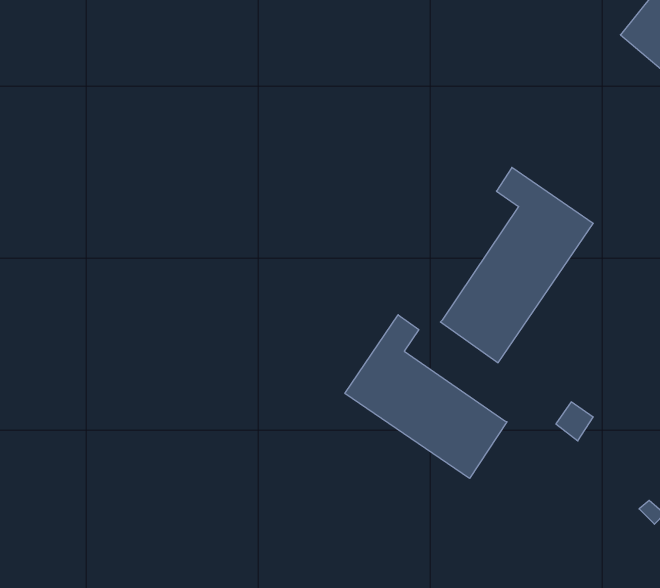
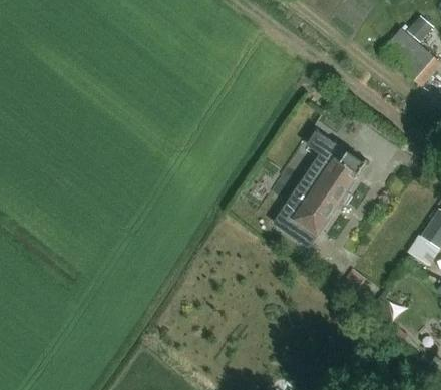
building: [345,315,507,478] -> none

